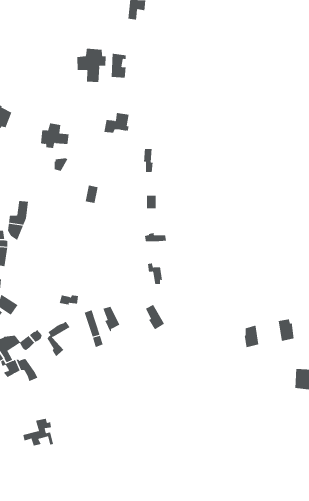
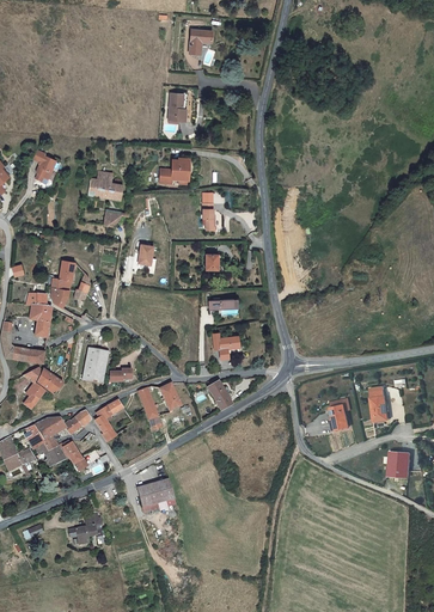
building: [77,48,106,83] -> none
building: none -> [84,345,110,381]
building: none -> [136,478,173,509]

